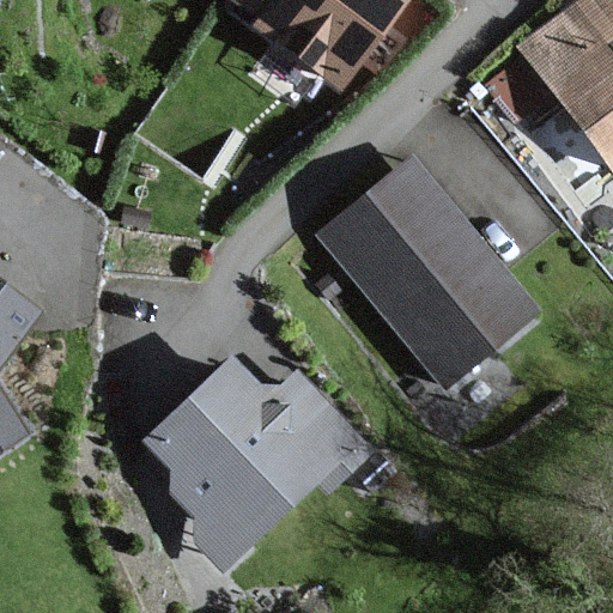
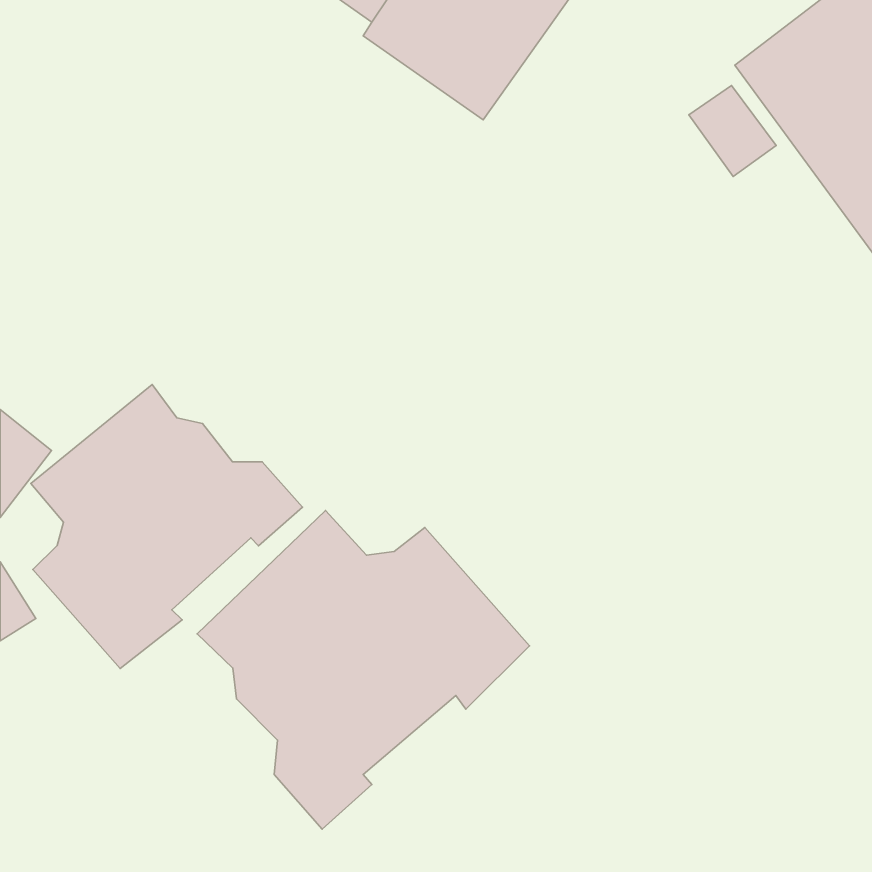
building: [317,154,541,387] -> none
building: none -> [31,384,303,669]

